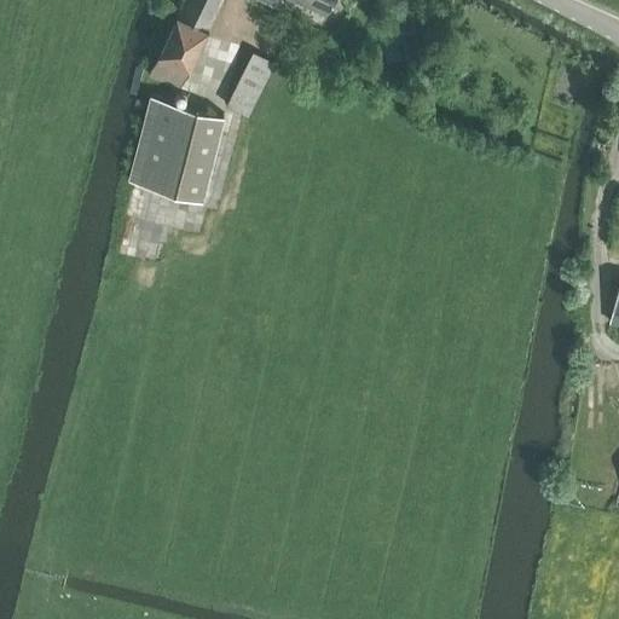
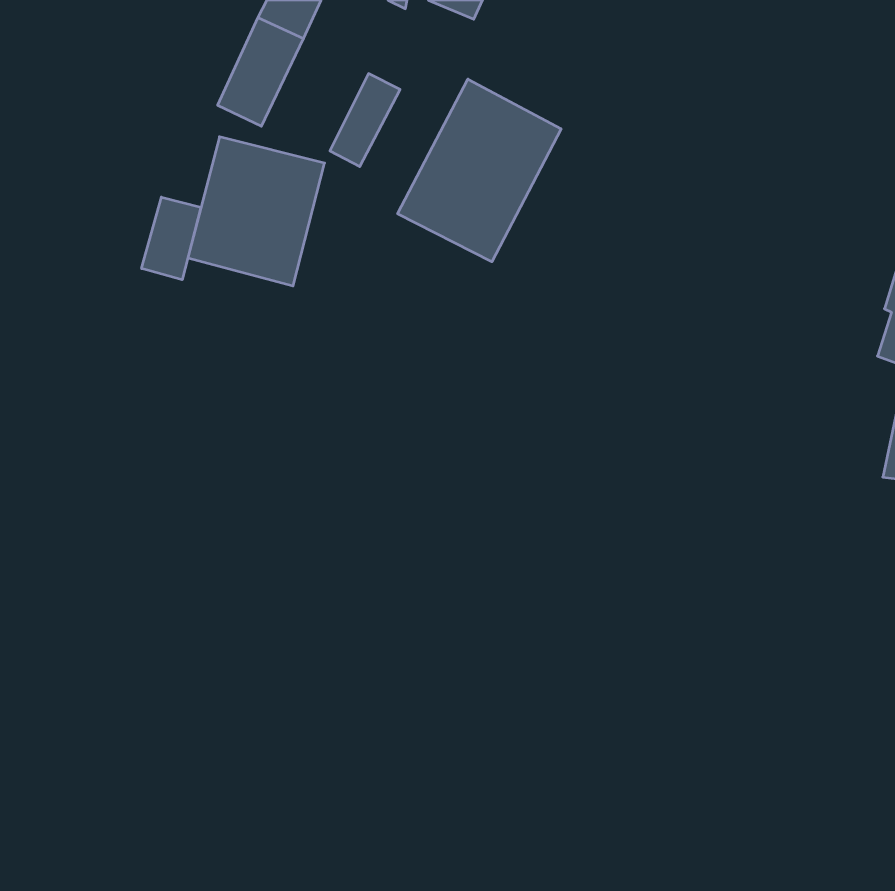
building: none -> [398,79,561,262]
building: none -> [142,197,201,280]

